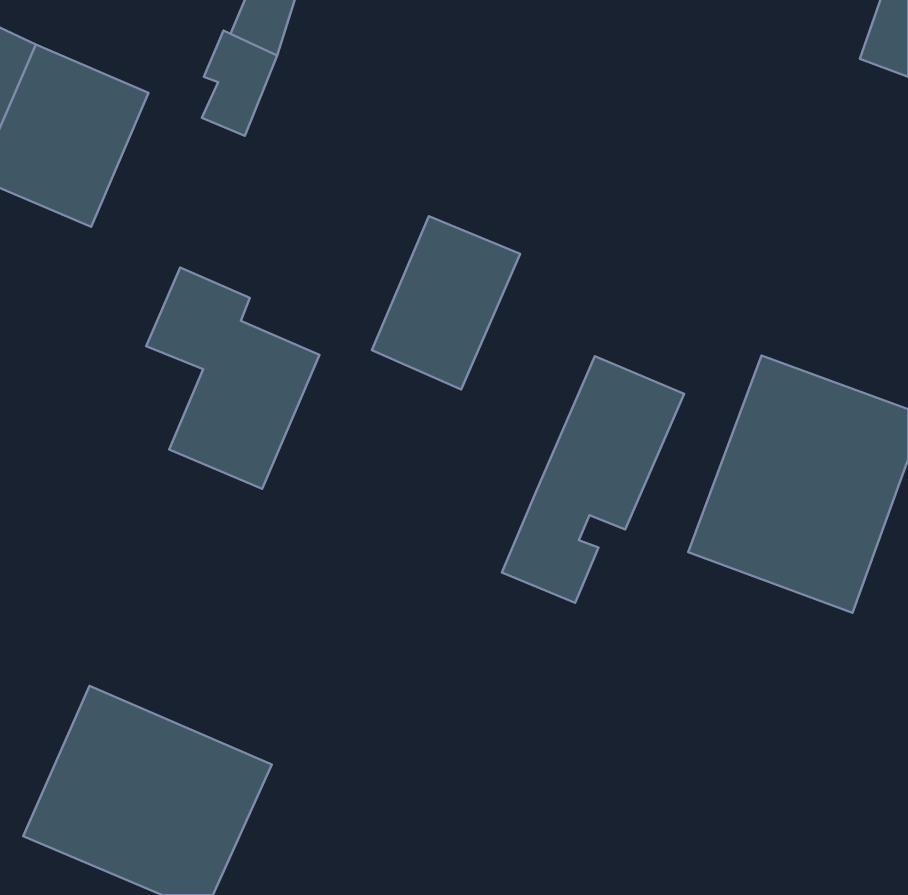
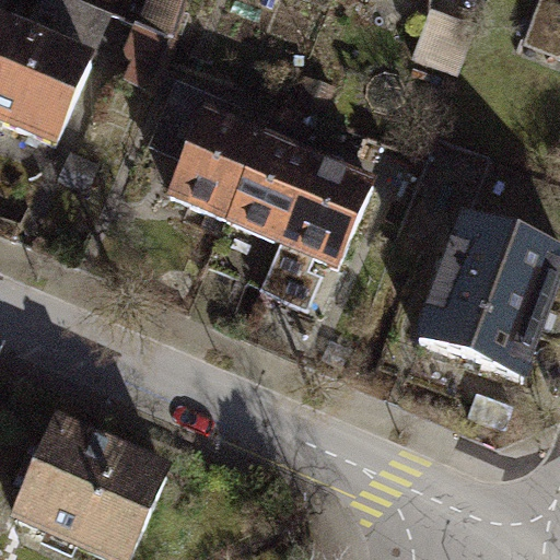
building: [146,267,319,489] -> [156,79,262,214]
building: [502,356,684,603] -> [261,155,373,306]

